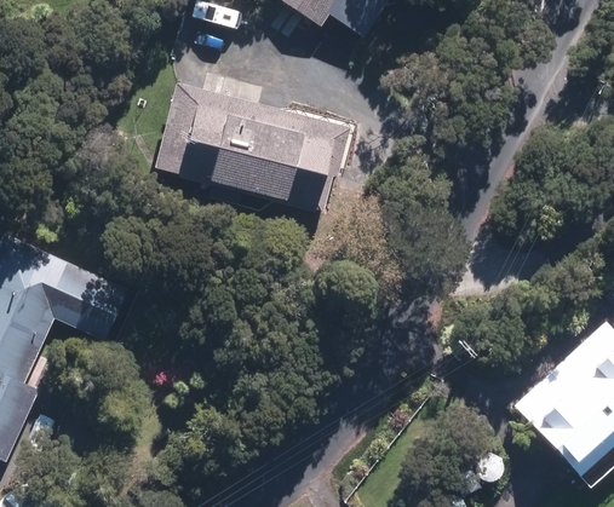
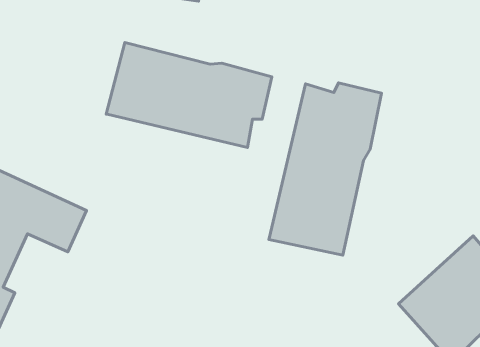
building: none -> [269,83,381,255]

